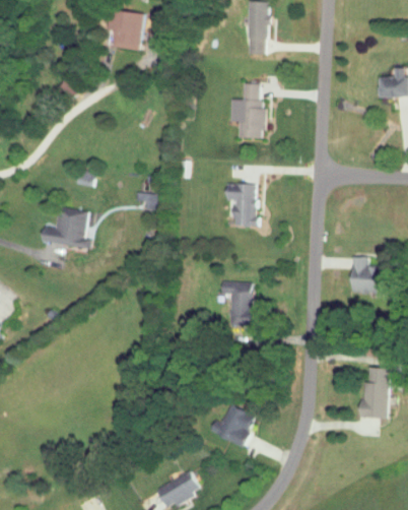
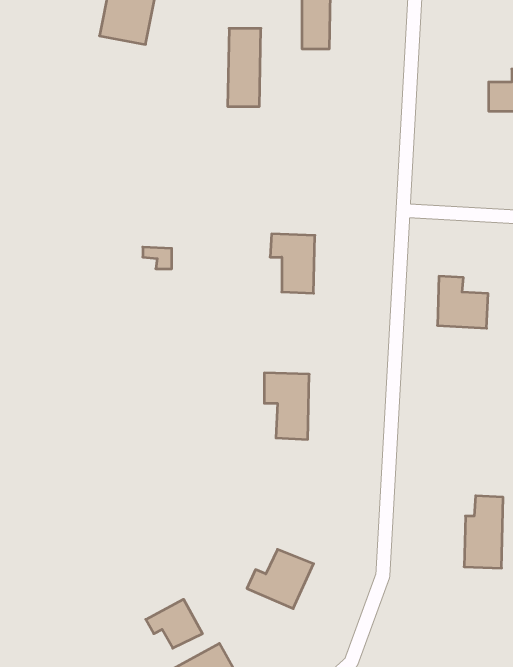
building: [240,82,263,137] -> [228,28,261,106]
building: [41,206,90,248] -> none
building: [350,255,386,292] -> [437,276,488,328]
building: none -> [146,599,202,648]

